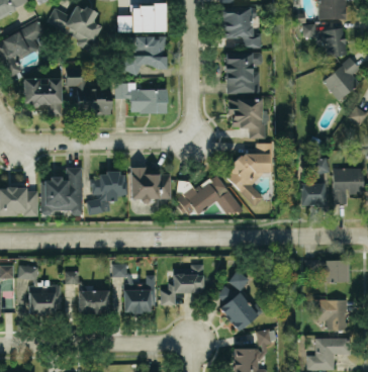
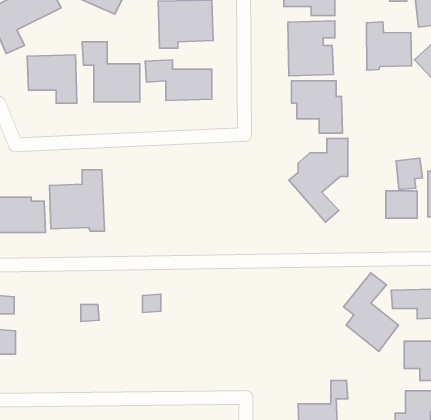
building: none -> [366,22,412,70]
building: [129,167,170,199] -> none
building: [88,172,125,213] -> none
building: [175,172,242,217] -> none
building: [161,264,203,307] -> none
building: [18,265,61,312] -> none
building: [215,270,258,331] -> [343,273,398,351]
building: [123,275,154,312] -> none
building: [78,290,108,314] -> none

